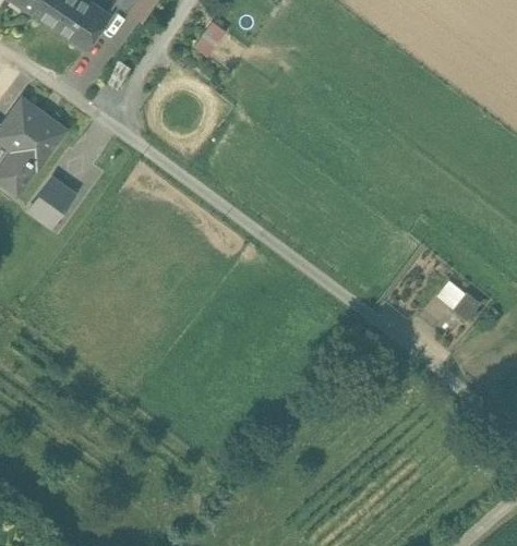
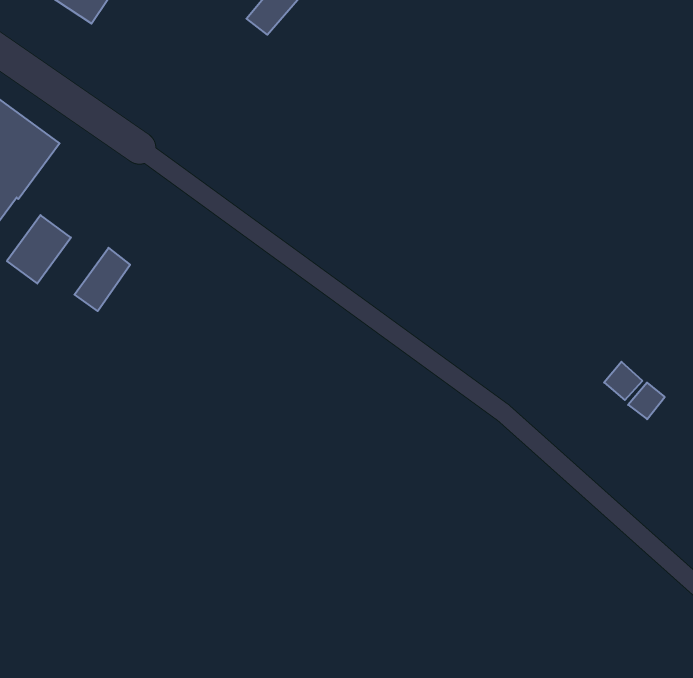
building: none -> [74,248,130,311]

